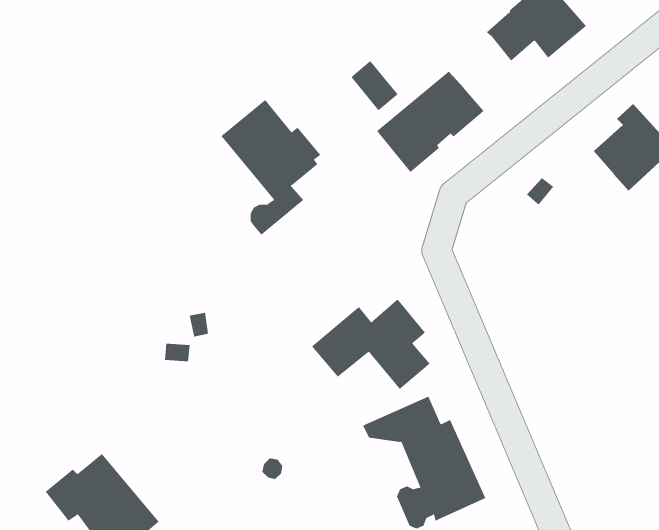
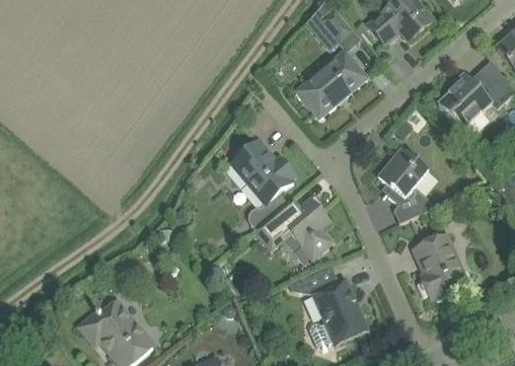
building: [350,60,398,111] -> [320,8,352,42]
building: [220,99,321,238] -> [229,139,295,230]
building: none -> [377,147,437,223]
building: none -> [414,233,468,299]

